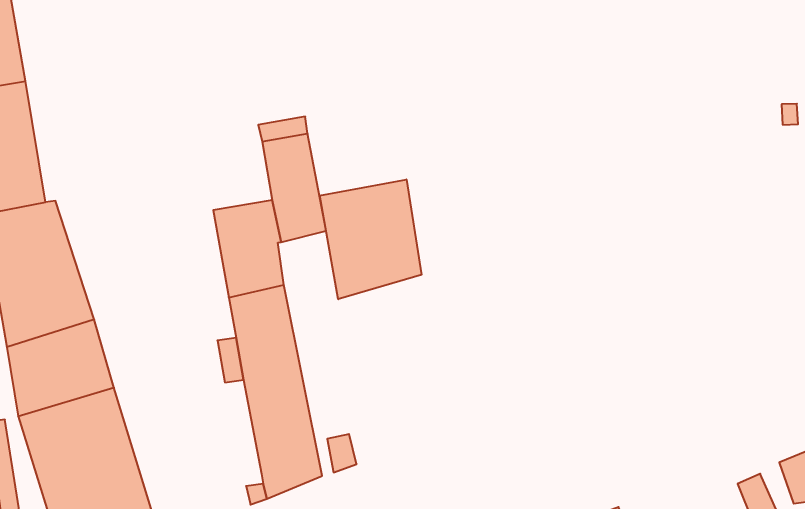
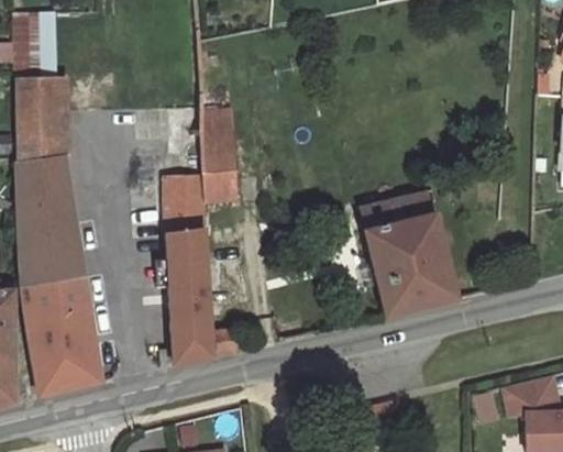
building: [320,179,422,299] -> none
building: none -> [362,192,456,317]

